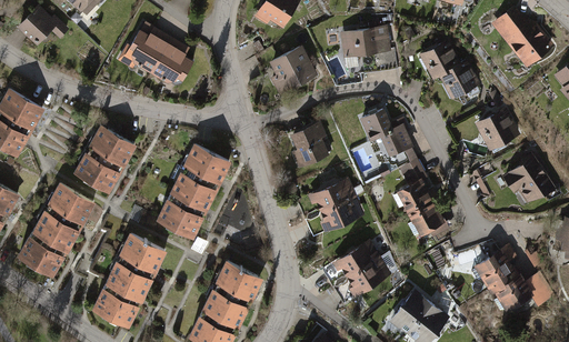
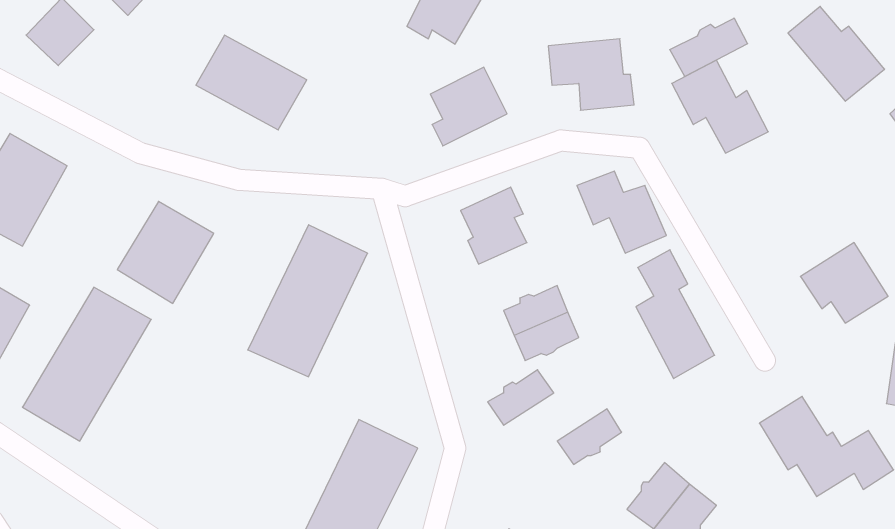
building: none -> [670,18,748,77]
building: [473,108,520,152] -> none
building: [94,237,163,323] -> none
building: [338,243,379,278] -> [488,370,554,425]

